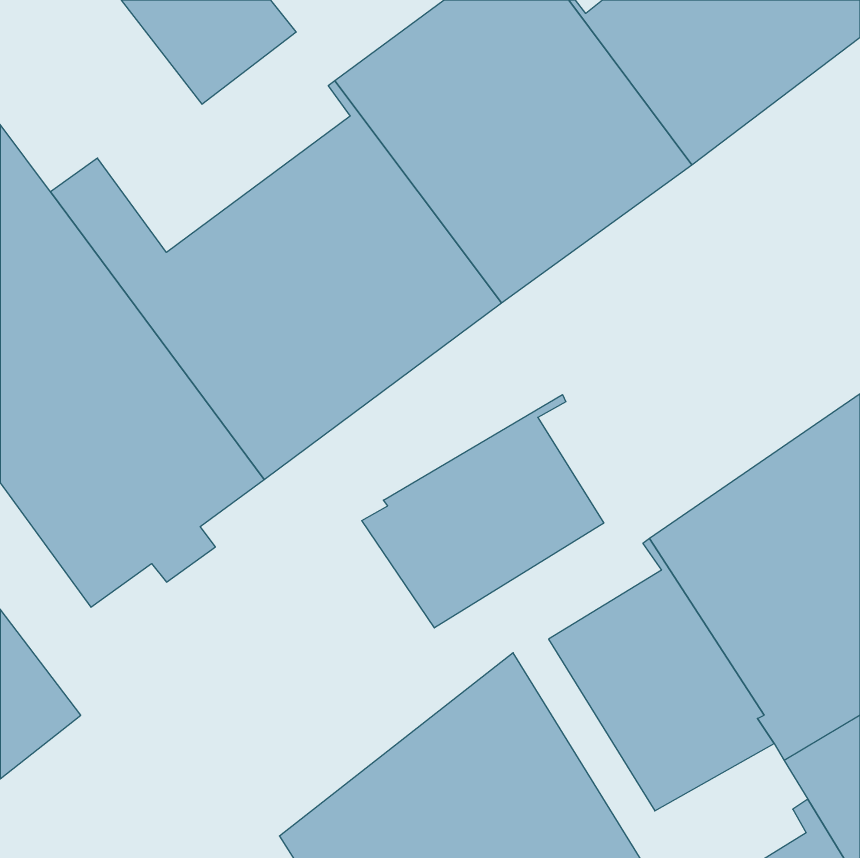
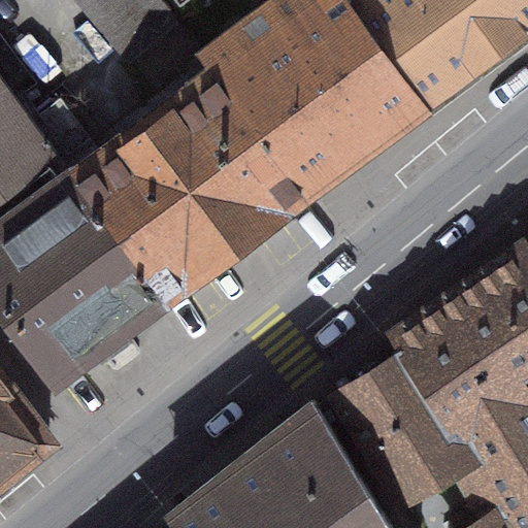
building: [362,395,604,628] -> none

